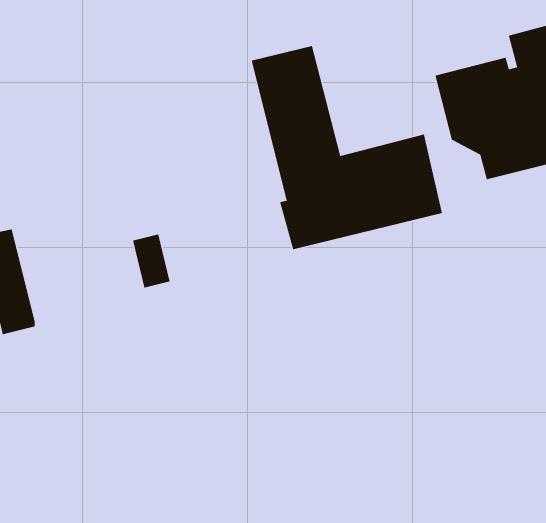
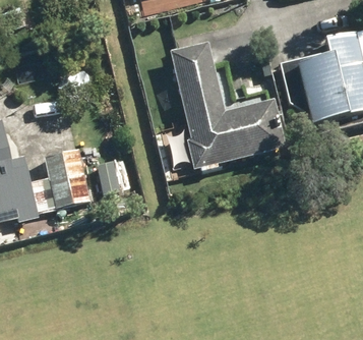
building: none -> [31,147,92,212]

